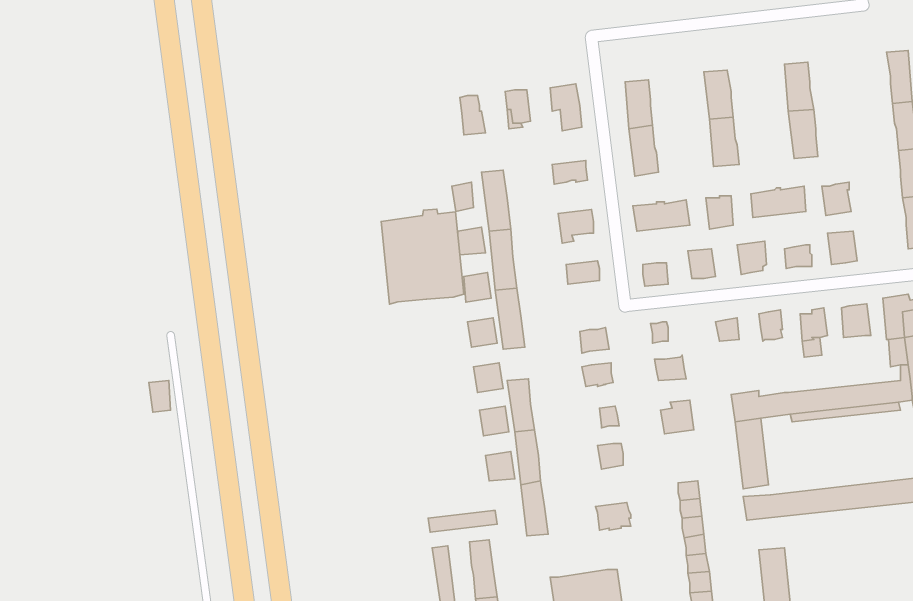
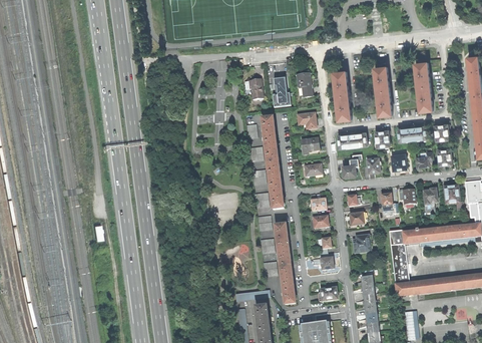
building: [381,209,464,304] -> none

